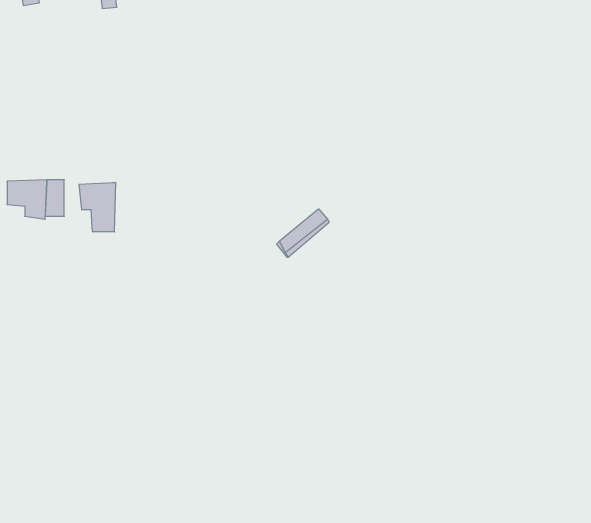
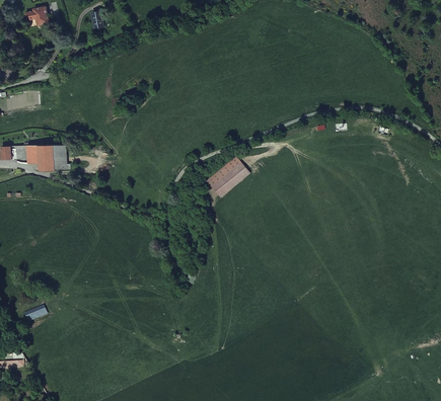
building: [79,182,116,232] -> none

